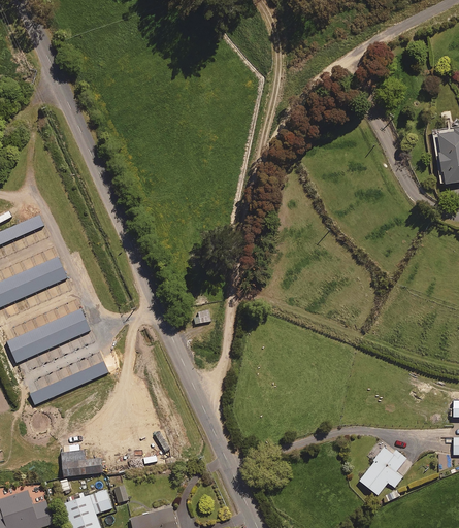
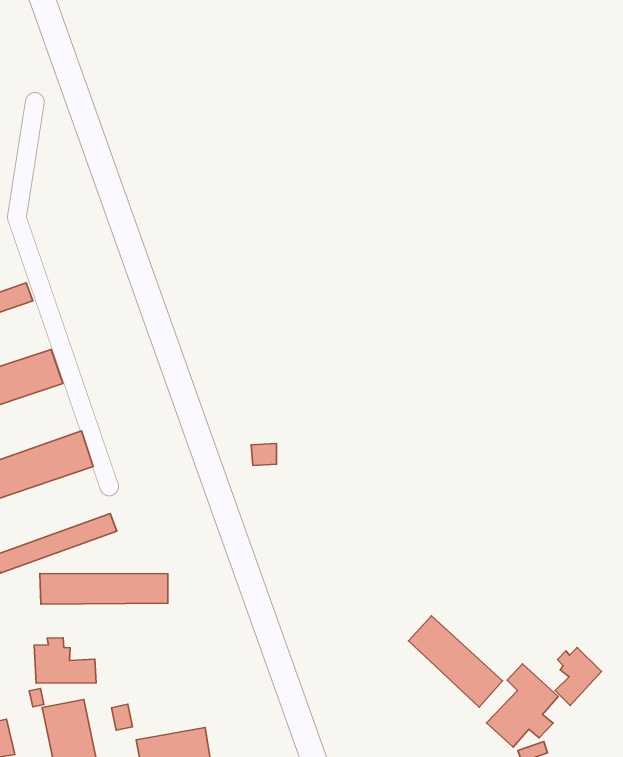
building: none -> [40,573,168,604]
building: none -> [408,616,503,707]
building: none -> [555,647,601,705]

